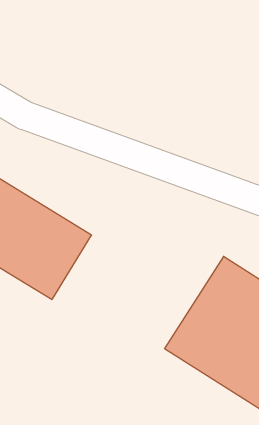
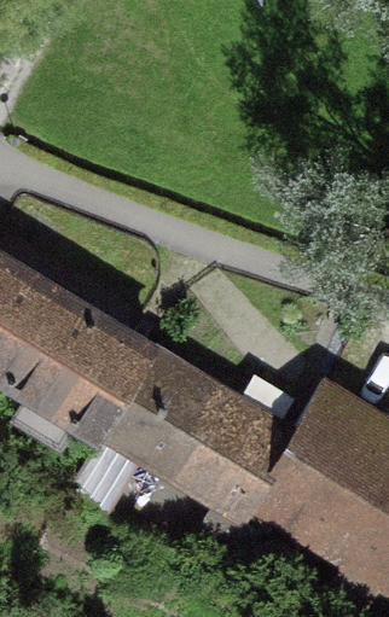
building: none -> [115,359,281,513]

